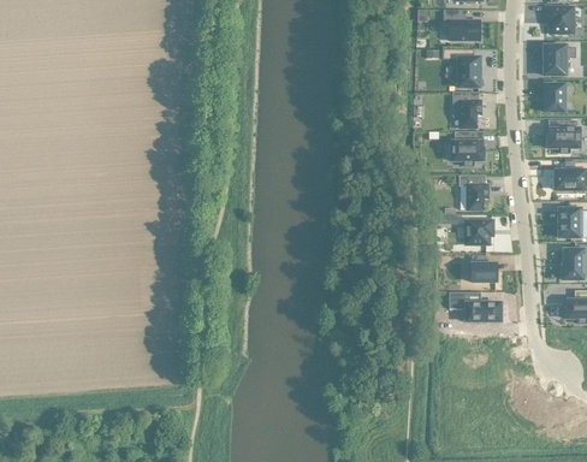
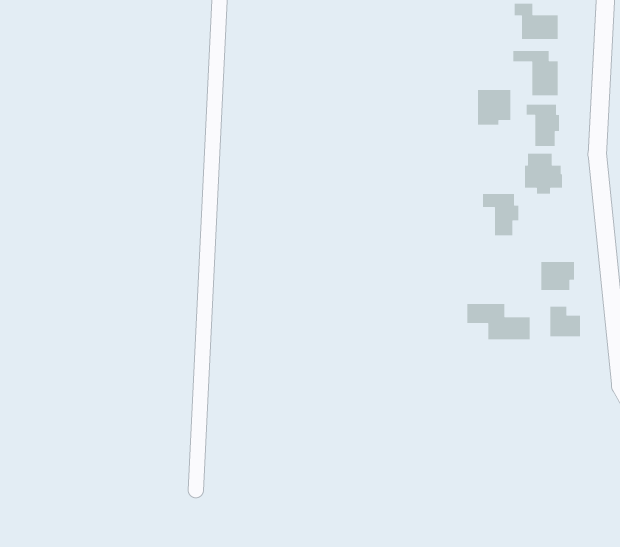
building: none -> [477,89,511,126]
building: [458,174,488,209] -> [482,193,519,236]
building: [450,291,502,321] -> [467,303,531,340]

